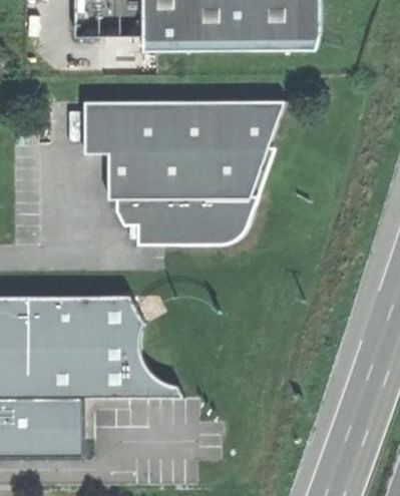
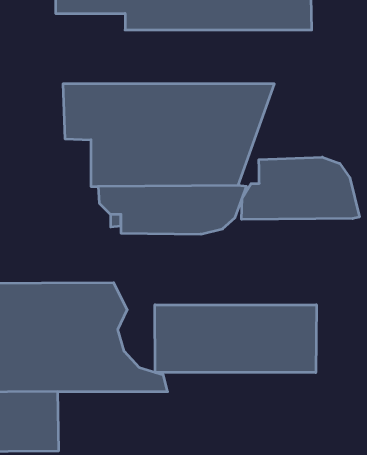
building: none -> [242,157,359,219]
building: none -> [155,305,316,373]

